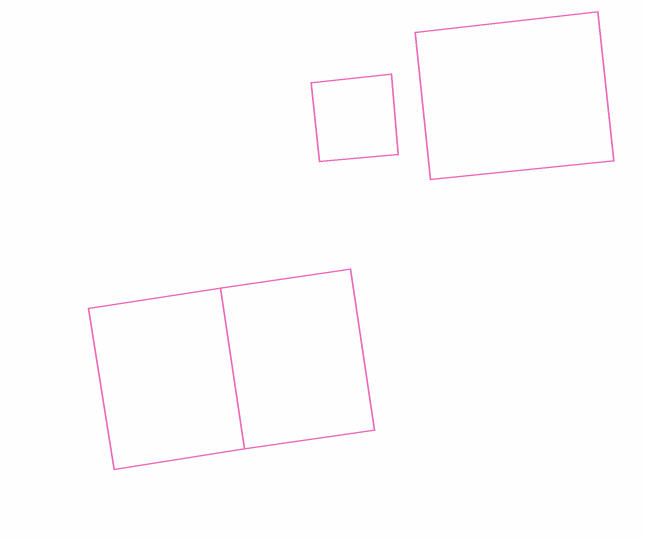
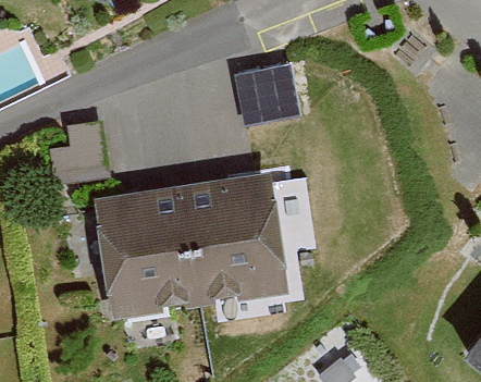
building: [415,12,614,180] -> none

